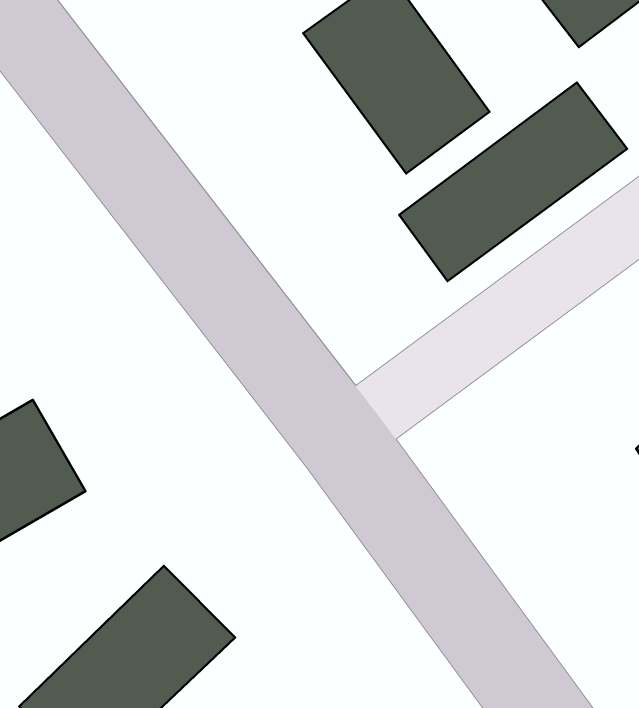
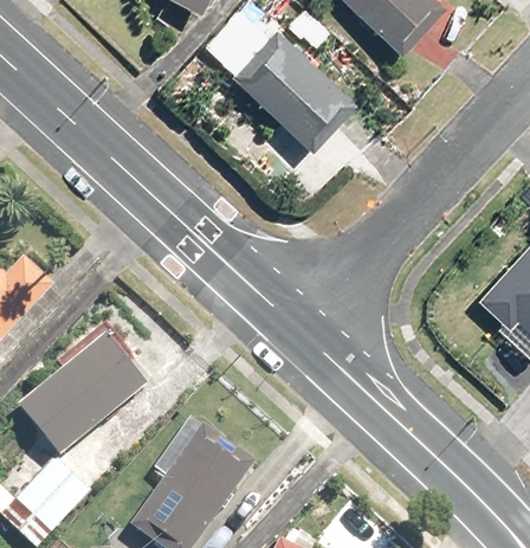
building: [399,83,627,281] -> none

